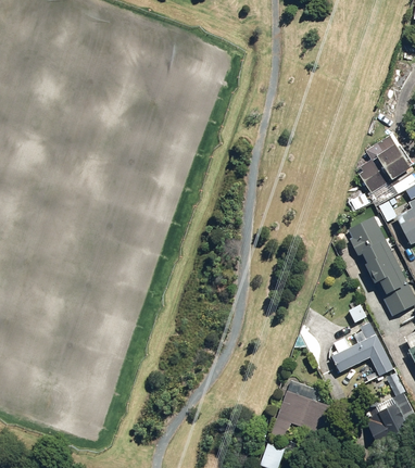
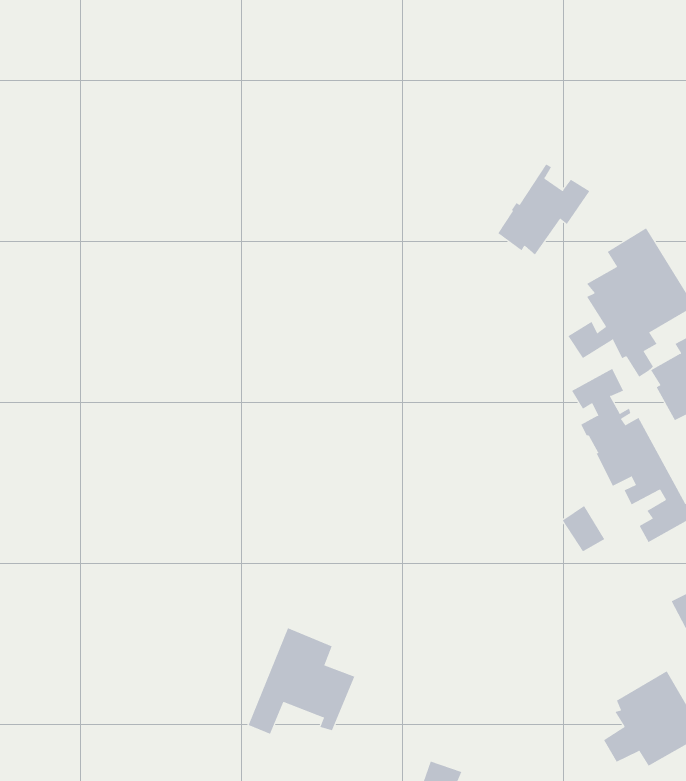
building: none -> [497,164,590,256]
building: [329,320,394,377] -> none
building: [268,379,330,441] -> [248,628,355,735]

